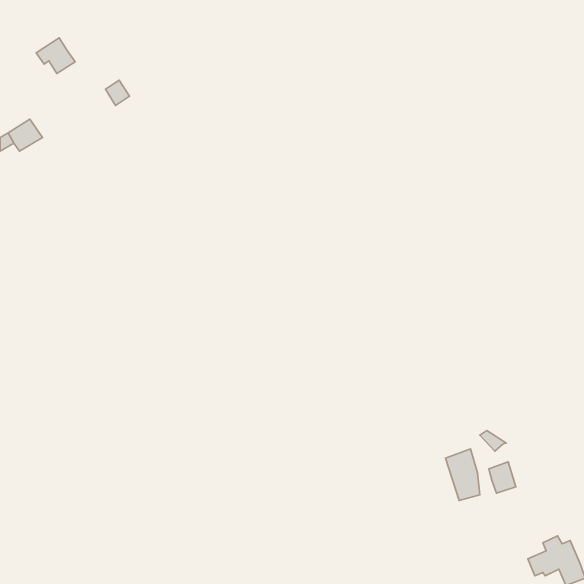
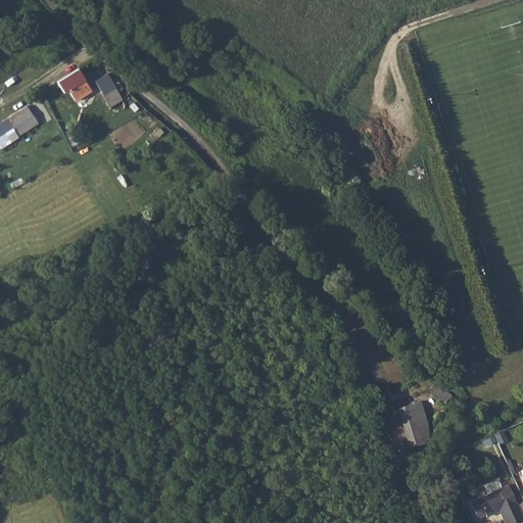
building: [36,38,75,73] -> [58,69,93,101]
building: [489,462,516,493] -> none

